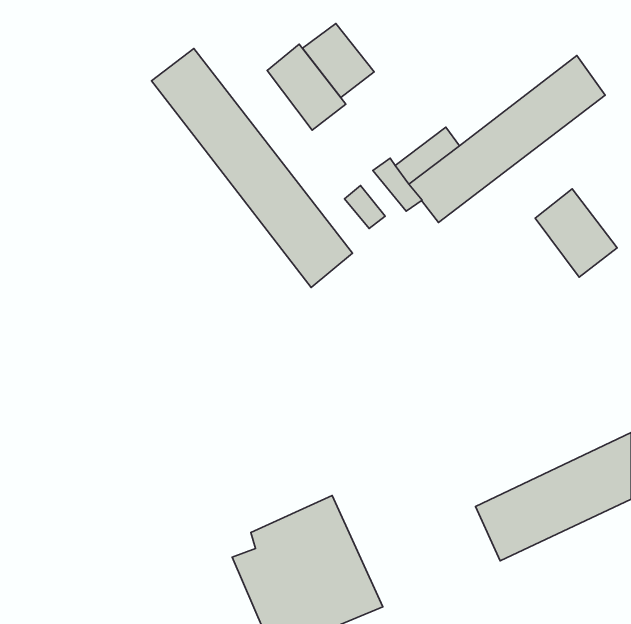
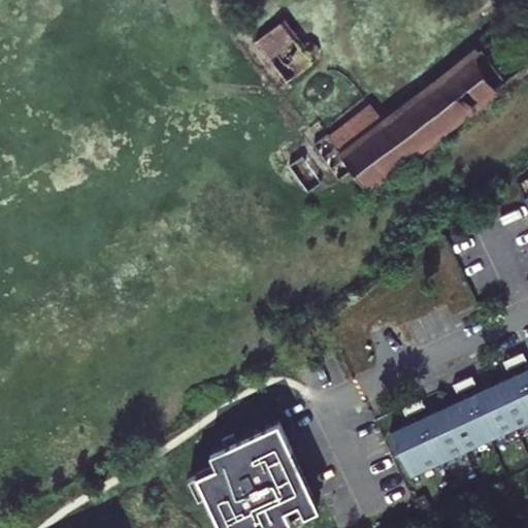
building: [267,44,346,130] -> none
building: [151,48,353,287] -> none
building: [535,189,617,277] -> none

